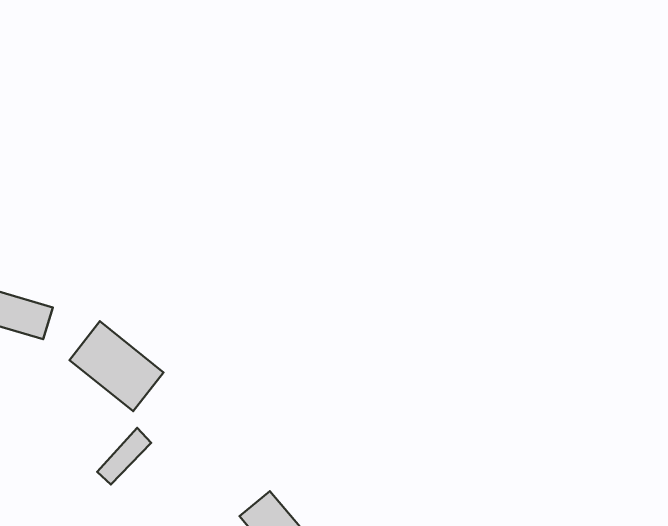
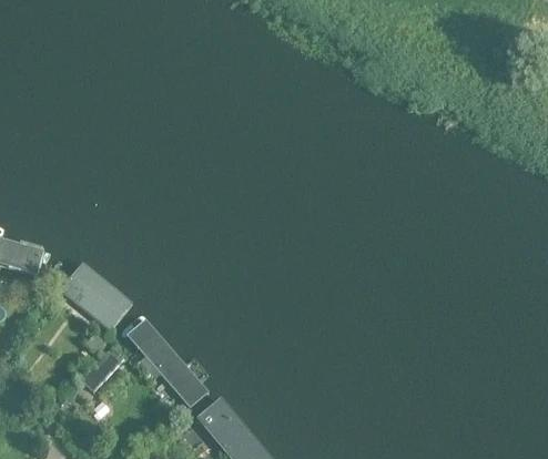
building: none -> [129,320,209,407]

